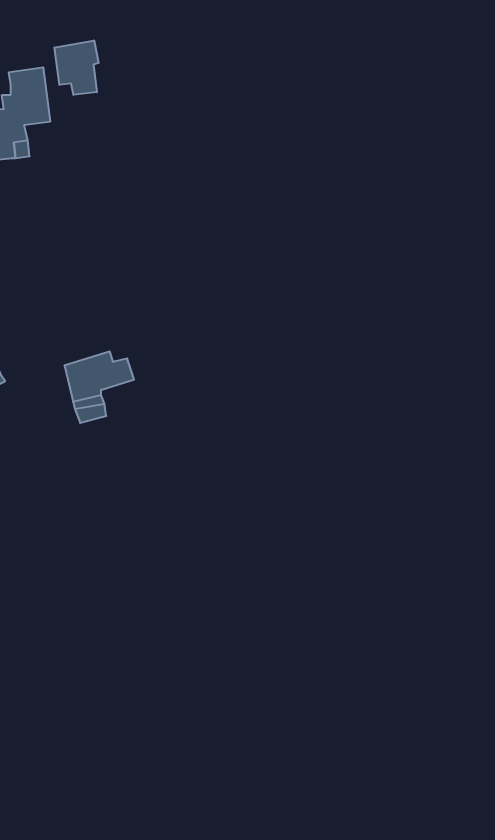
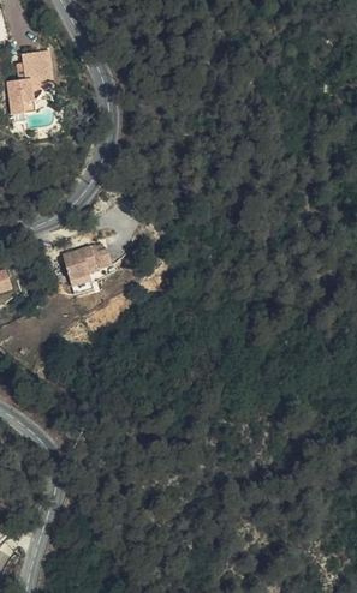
building: [55,40,99,95] -> none

